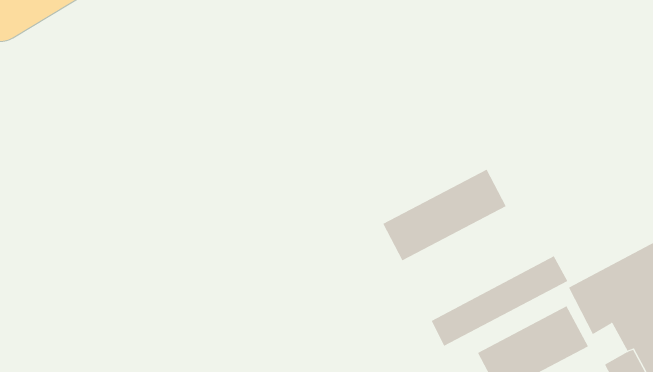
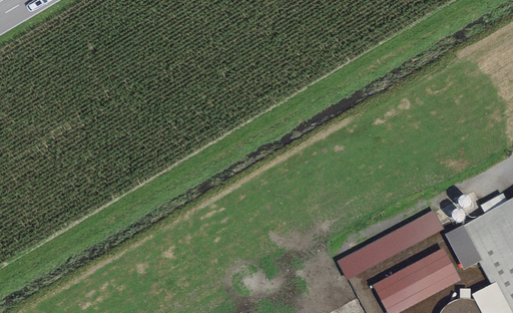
building: [382,169,506,261] -> none

